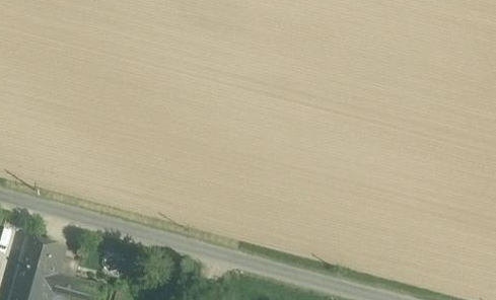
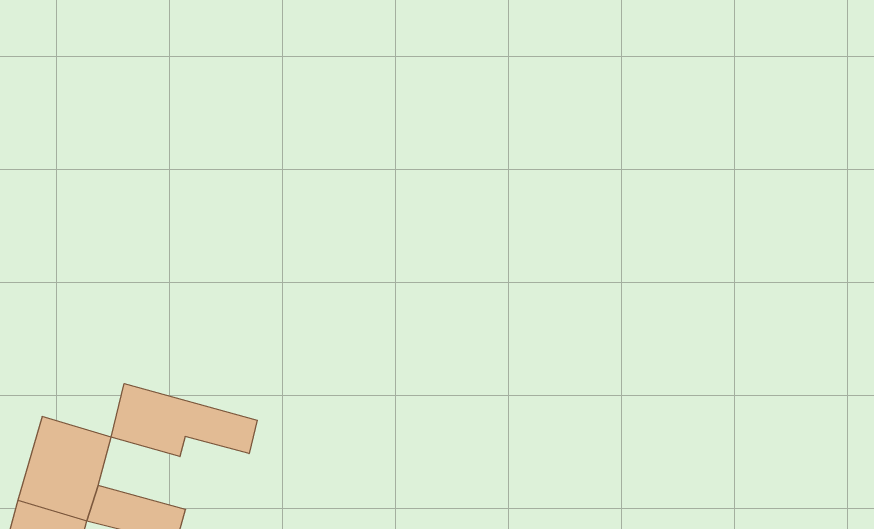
building: none -> [111,384,257,457]

